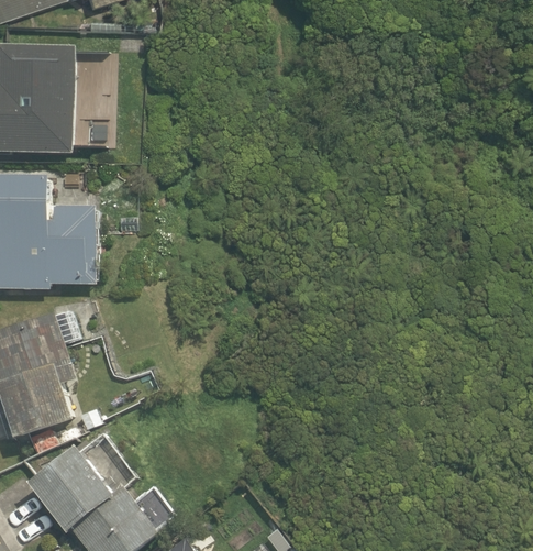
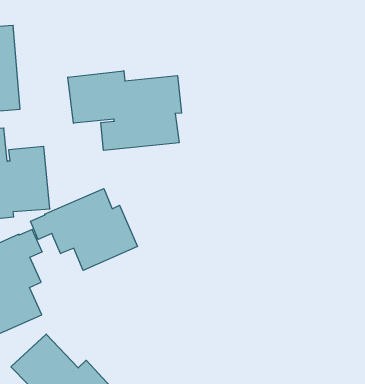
building: none -> [68,71,181,150]
building: none -> [30,189,137,270]

